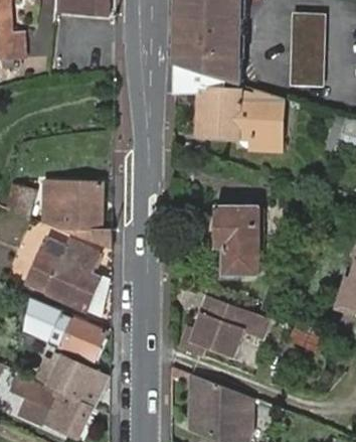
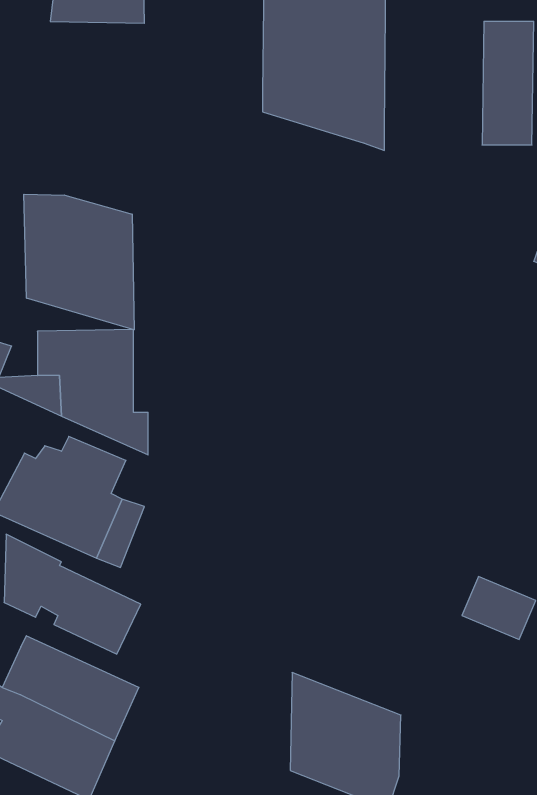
building: [173,64,282,148] -> none
building: none -> [24,194,134,330]
building: [213,204,257,274] -> none
building: [179,296,250,357] -> none

